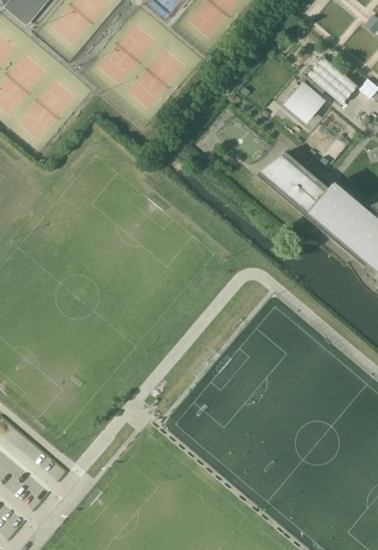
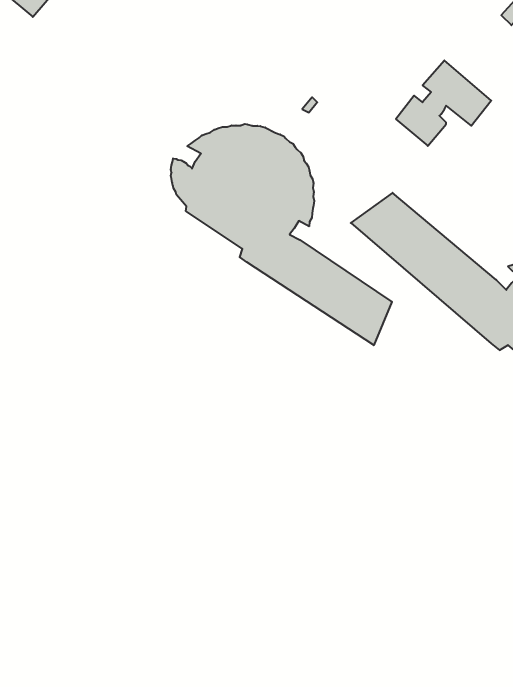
building: none -> [171,124,392,345]

